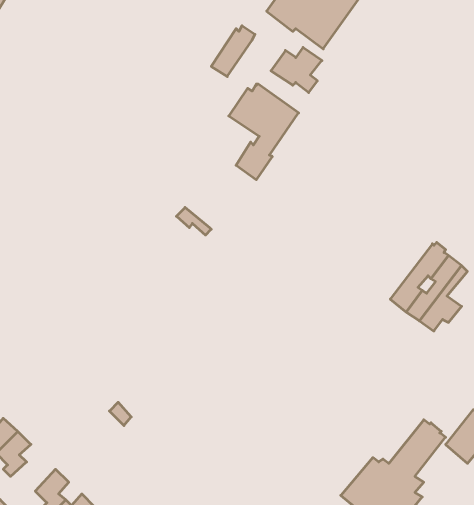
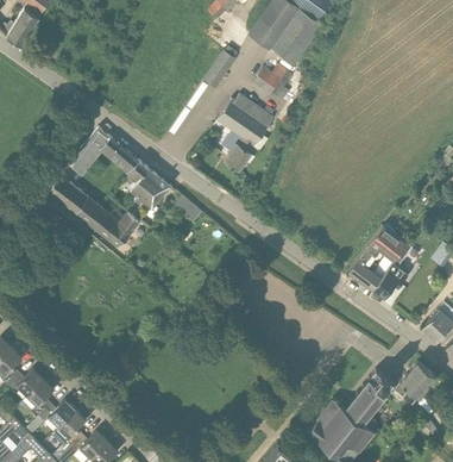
building: none -> [70,130,169,207]
building: none -> [48,174,139,254]
building: none -> [38,399,75,427]

